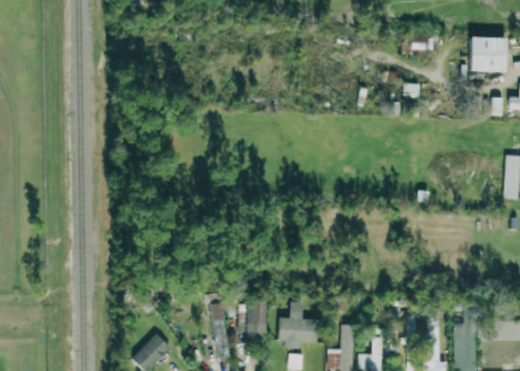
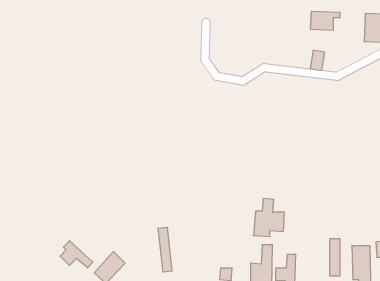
building: [246,300,265,331] -> none
building: [278,301,317,348] -> [253,199,284,236]
building: none -> [60,241,93,268]

